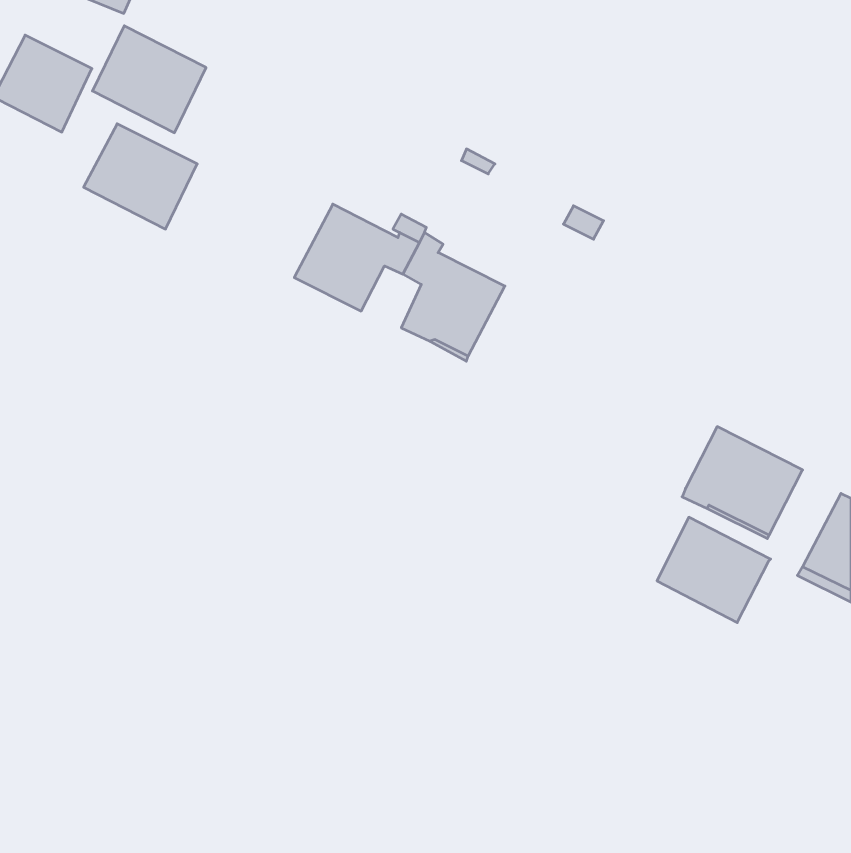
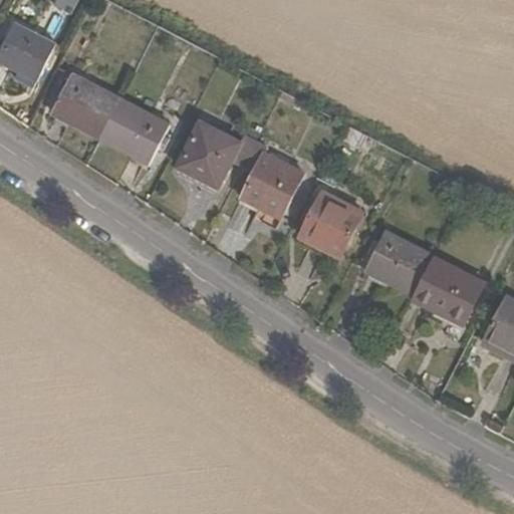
building: [92,26,206,133] -> [99,98,168,163]
building: none -> [299,190,362,255]
building: [657,517,771,623] -> [363,230,432,293]

